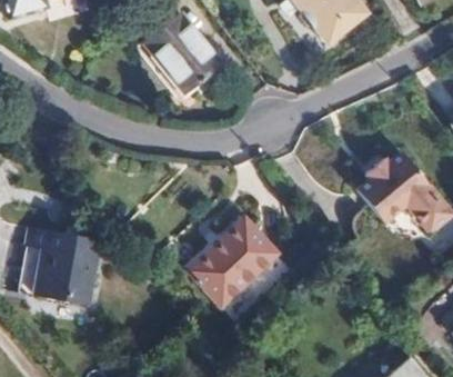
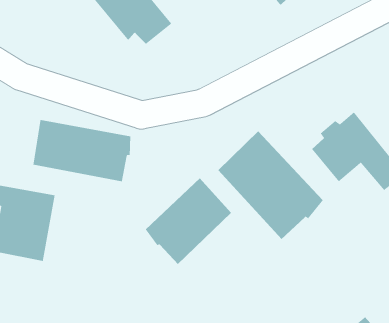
building: none -> [33,119,131,182]
building: none -> [218,131,324,240]

